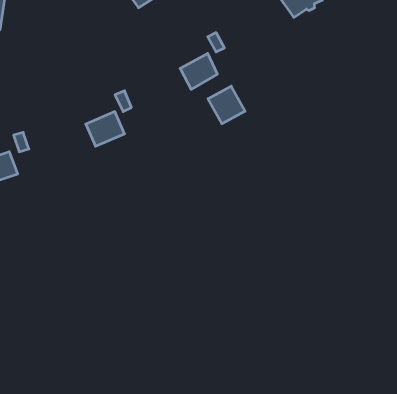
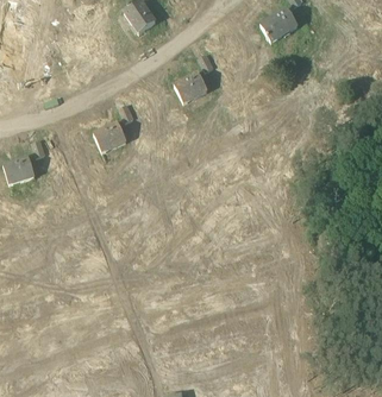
building: [208,86,245,124] -> none

